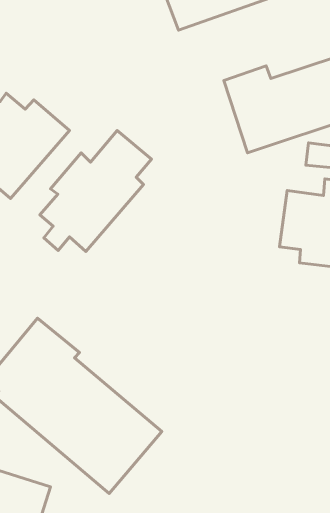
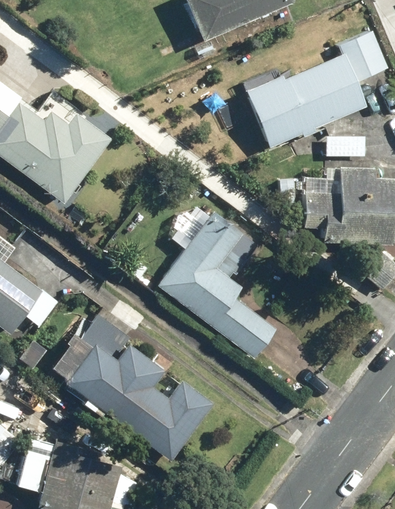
building: [40,131,151,251] -> none
building: none -> [157,211,278,360]

